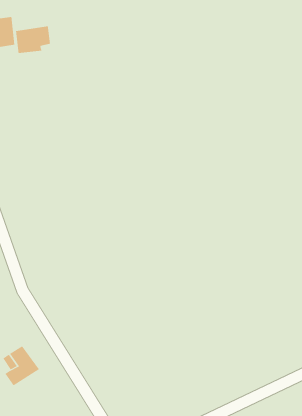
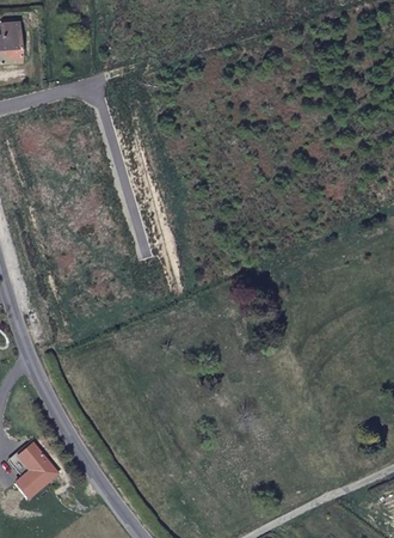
building: [16,26,50,54] -> none

